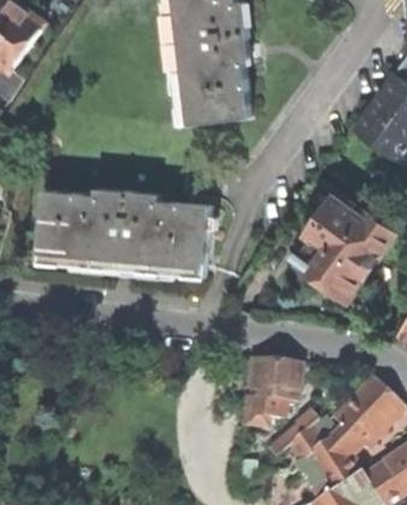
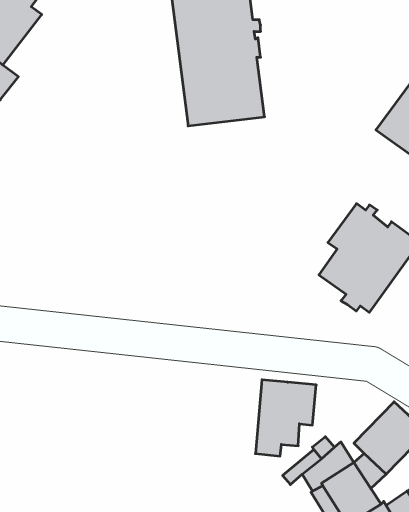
building: [38,187,211,278] -> none

